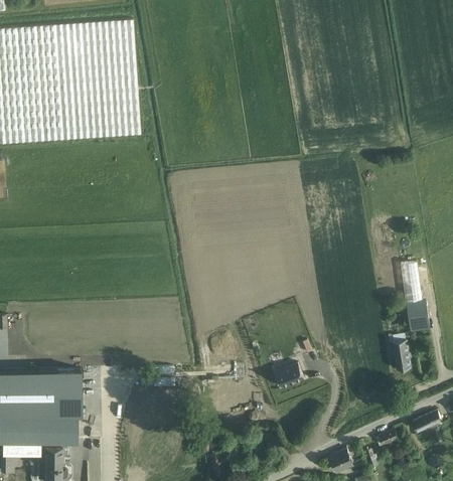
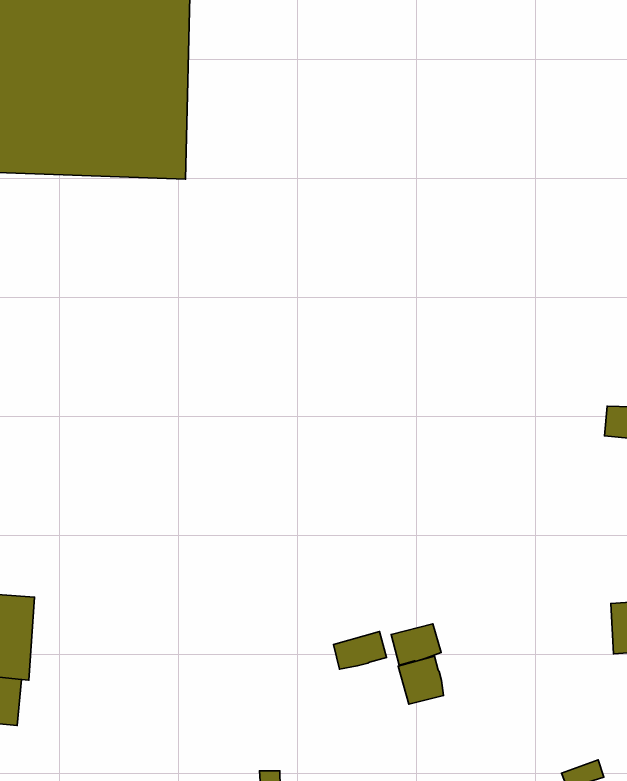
building: none -> [333,631,387,669]
building: none -> [398,656,443,704]

